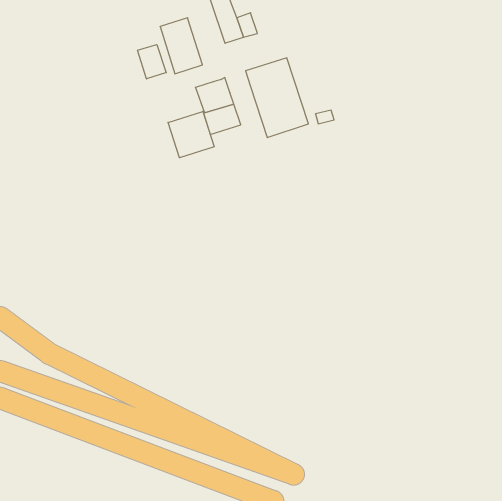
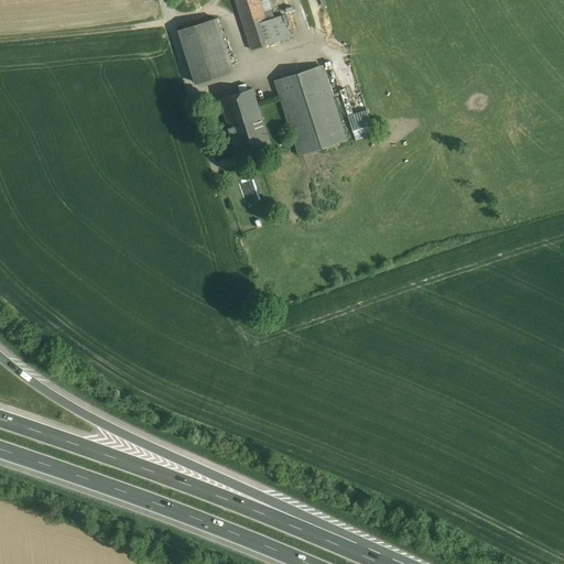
building: [138,45,166,79] -> none
building: [168,111,214,158] -> none

